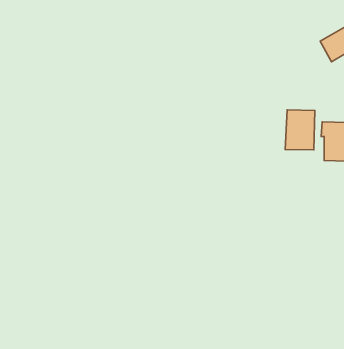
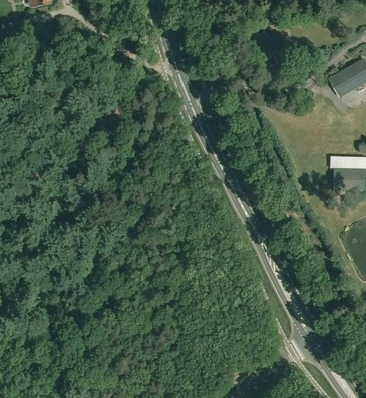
building: [285,110,315,150] -> none

